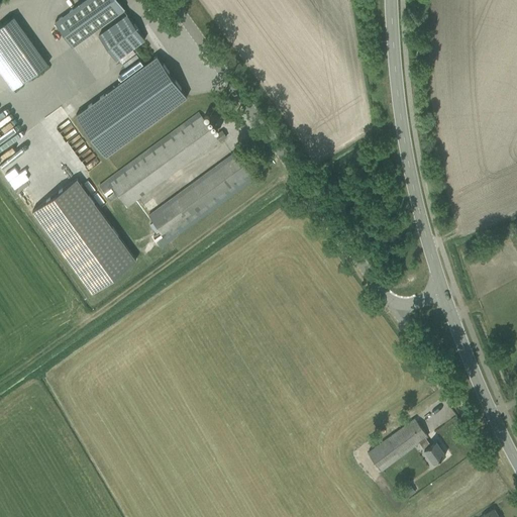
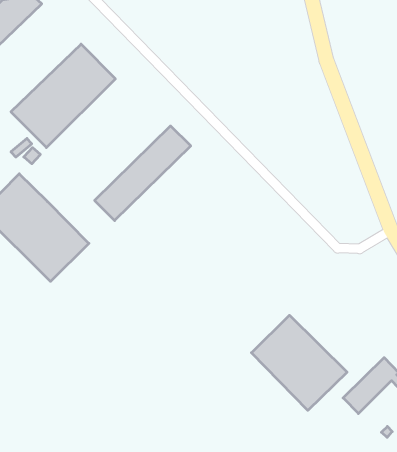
building: [97,15,144,62] -> none
building: [101,117,225,207] -> none
building: none -> [251,315,347,410]

